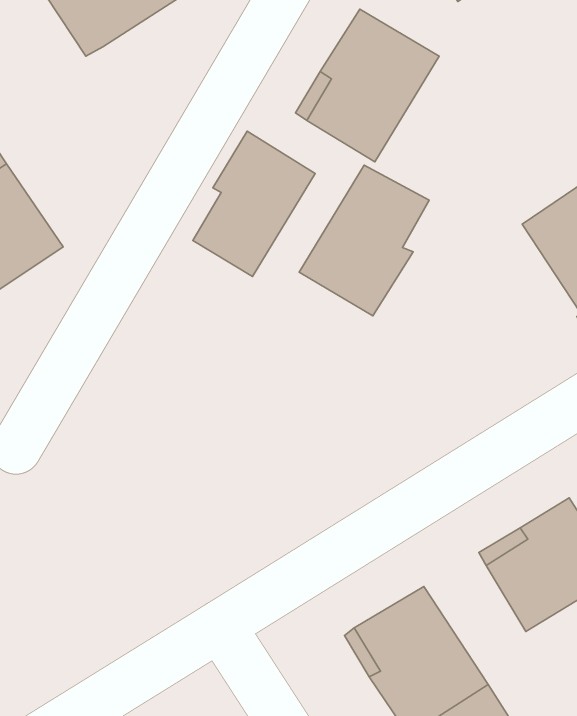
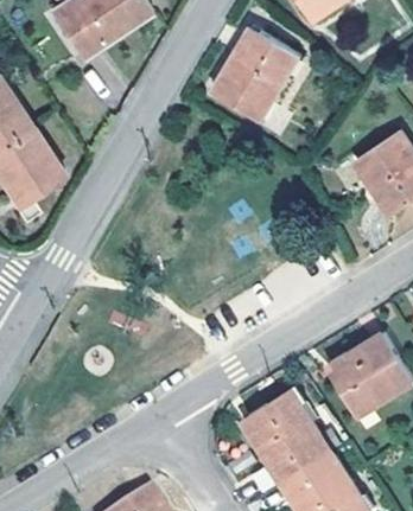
building: [193,131,315,277] -> none
building: [299,165,429,316] -> none

